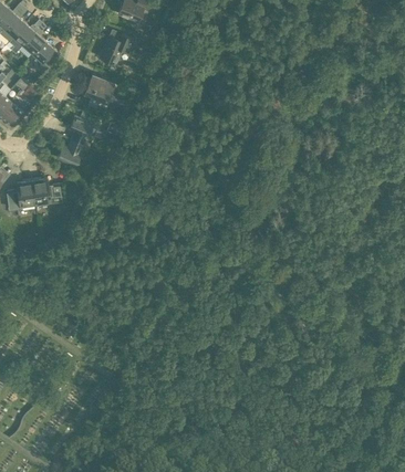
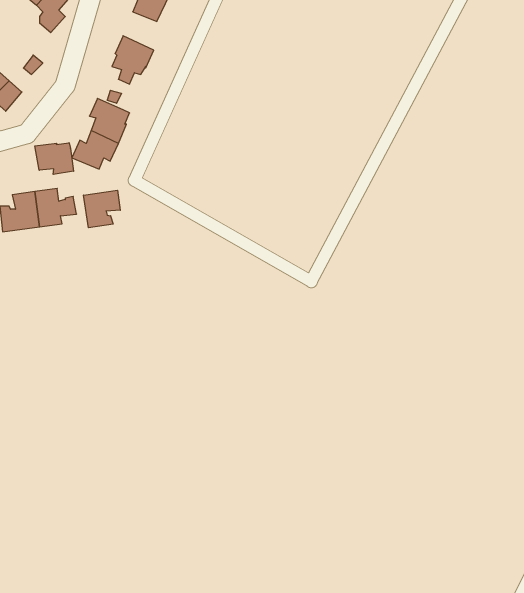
building: none -> [35,143,74,174]
building: none -> [84,190,120,228]

